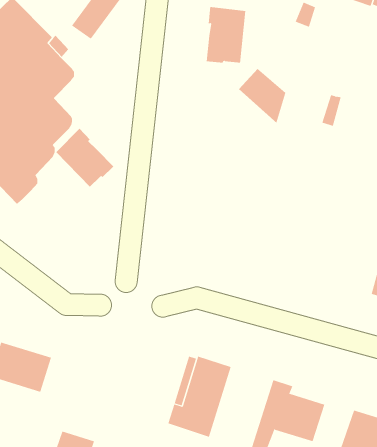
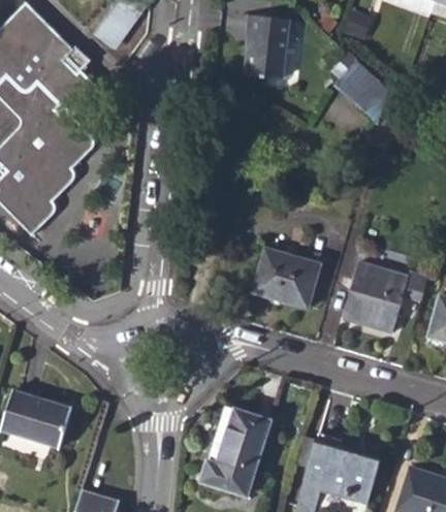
building: [238,68,286,124] -> [334,60,388,123]
building: [55,128,114,188] -> none
building: none -> [253,247,321,308]
building: none -> [343,261,431,331]

